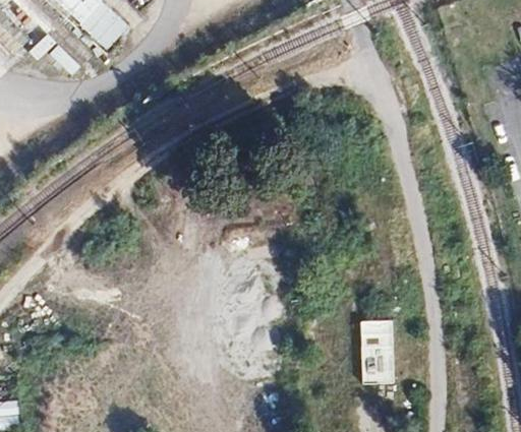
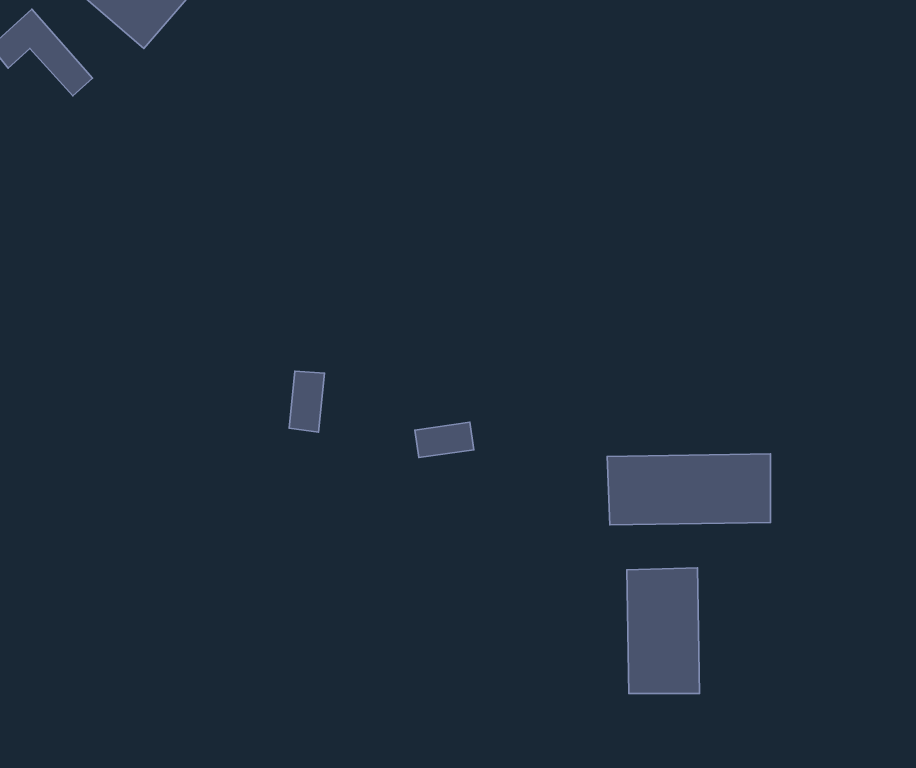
building: none -> [607,454,770,525]

